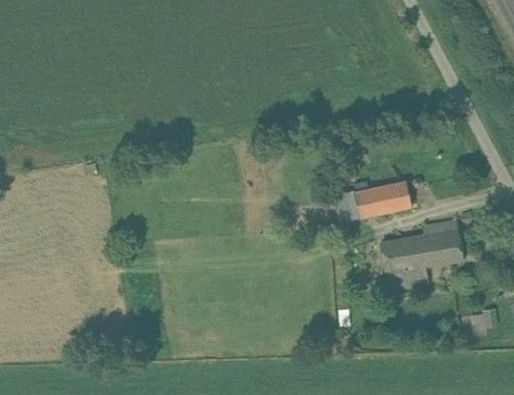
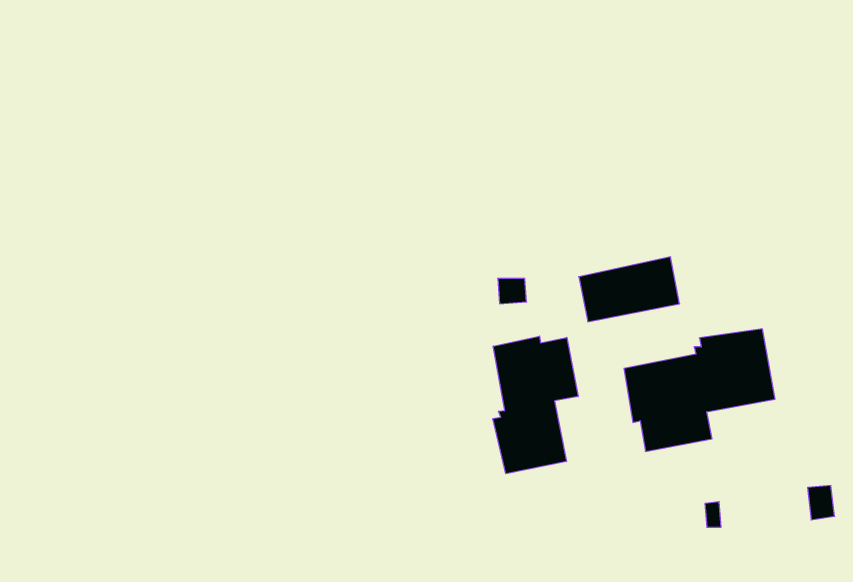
building: none -> [493,336,578,474]

